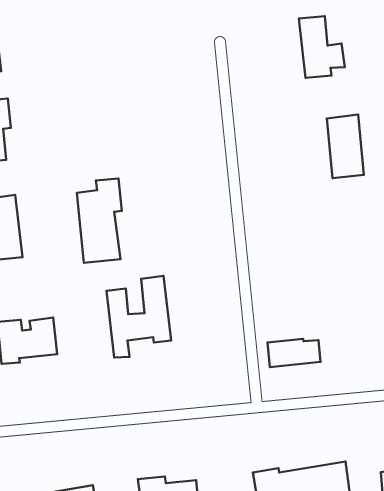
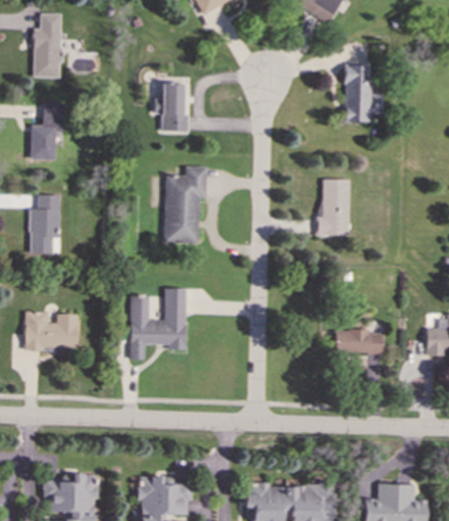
building: none -> [154,83,189,131]
building: [327,115,364,178] -> [318,179,350,236]
building: [77,179,122,263] -> [164,165,207,242]
building: [268,339,320,367] -> [335,329,384,353]

